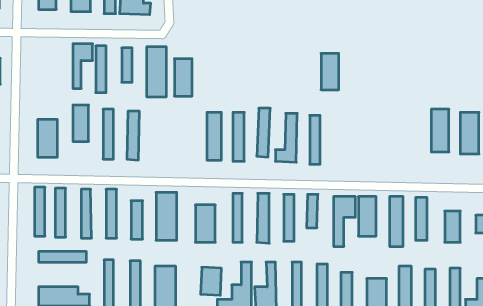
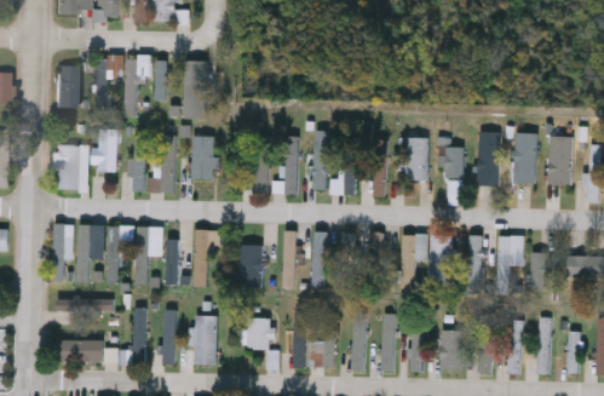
building: none -> [58,67,79,109]
building: [321,53,339,90] -> [407,138,427,180]
building: [174,59,192,96] -> [194,136,214,179]
building: none -> [478,133,499,185]
building: none -> [444,148,462,178]

